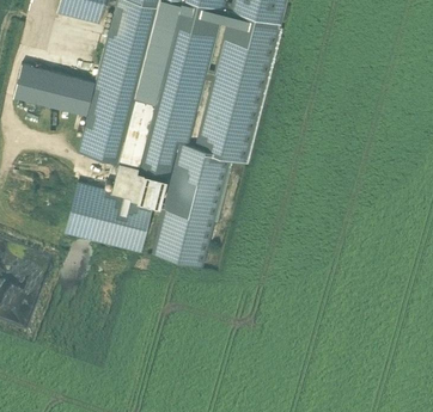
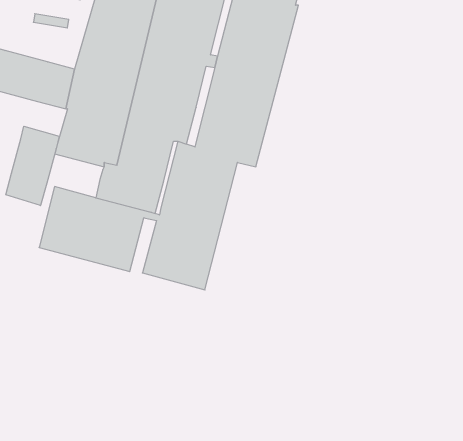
building: none -> [6,126,59,206]

